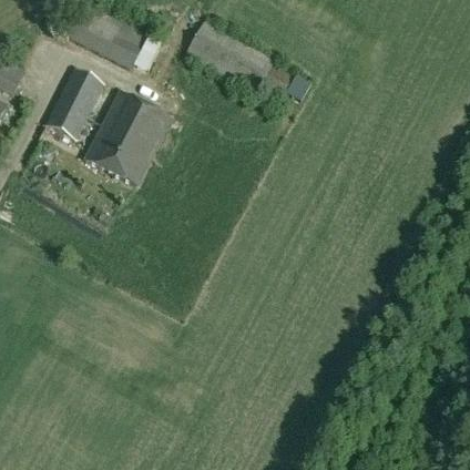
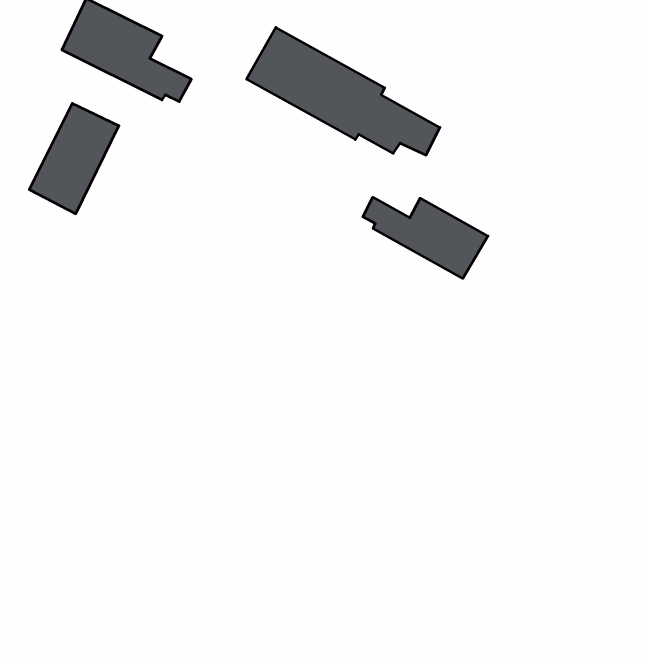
building: [85,91,171,185] -> none
building: none -> [363,197,488,278]

